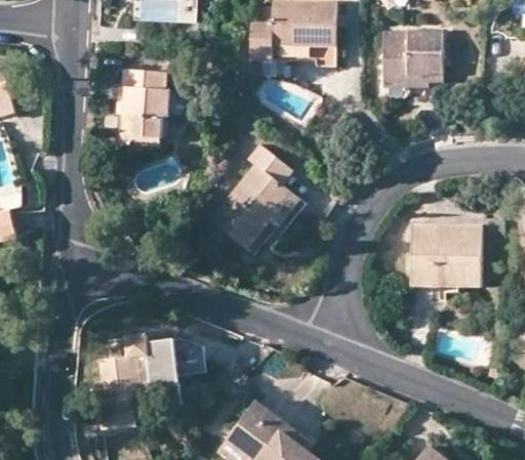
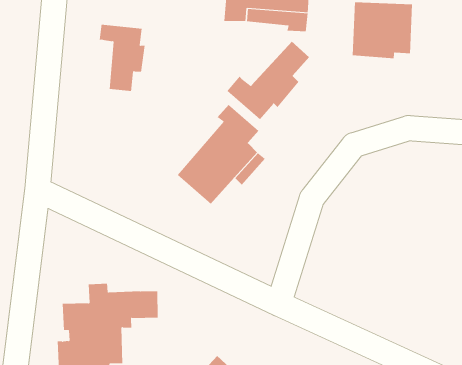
building: none -> [226,41,310,120]
building: [122,85,158,147] -> none
building: [411,222,481,285] -> none

